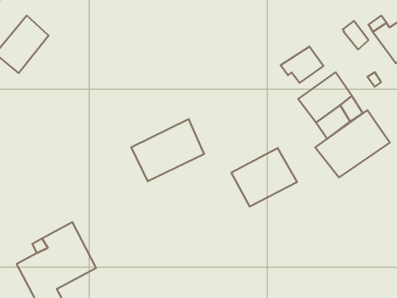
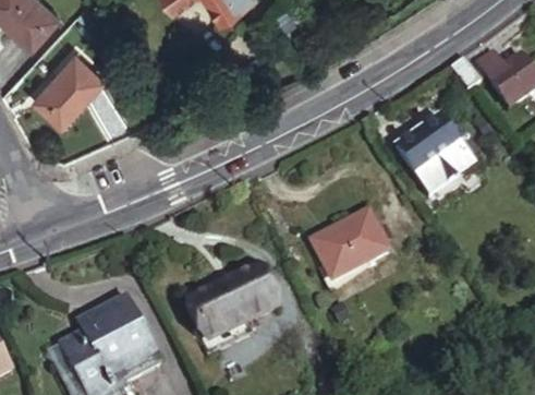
building: [281,46,323,83] -> none
building: [315,110,390,177] -> none
building: [131,119,204,181] -> [183,261,270,335]

